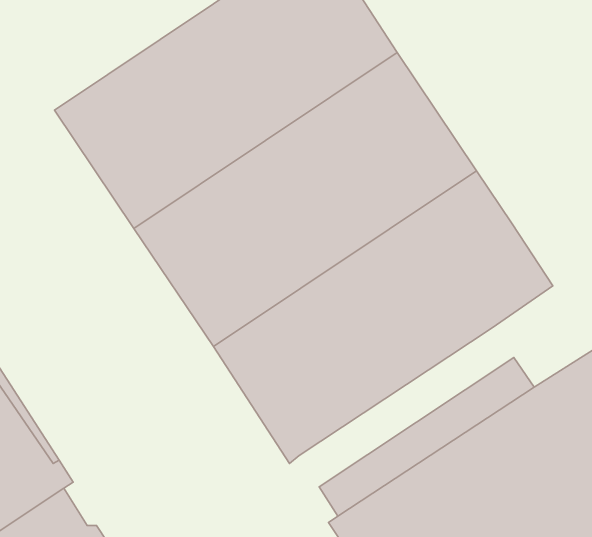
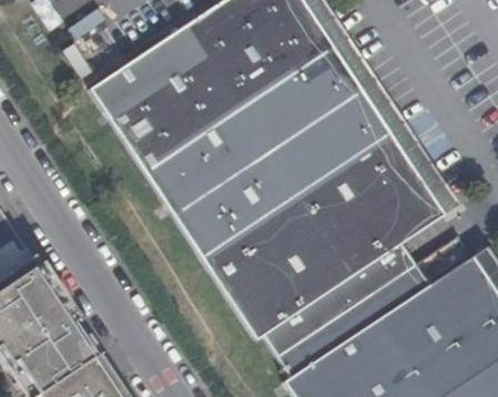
building: none -> [264,244,417,357]

